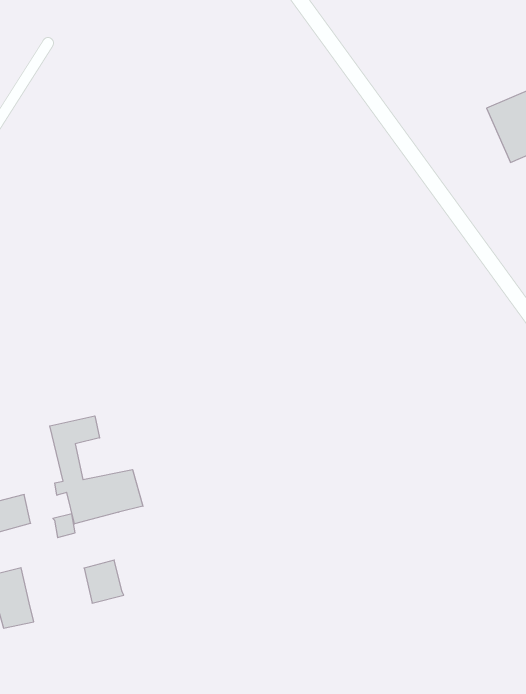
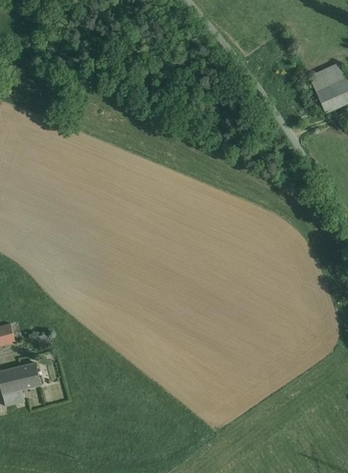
building: [50,416,143,524] -> none
building: [84,560,124,603] -> [16,362,41,389]

